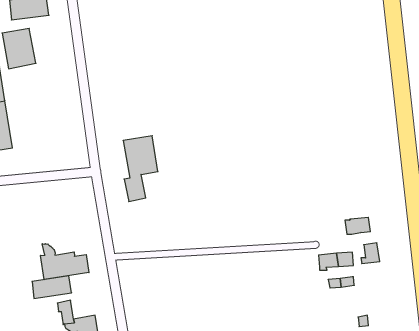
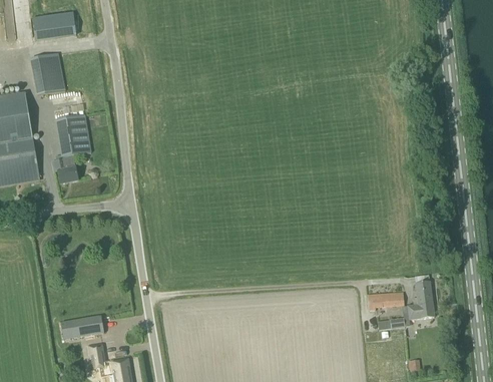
building: [123,136,158,202] -> [54,112,91,182]
building: [345,217,370,234] -> [407,300,434,318]
building: [41,244,89,280] -> none

